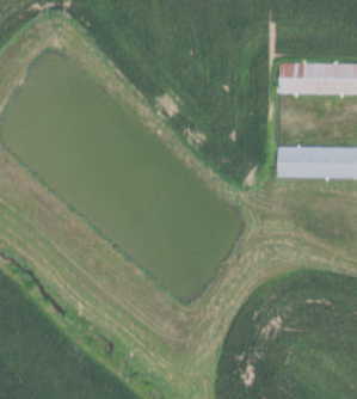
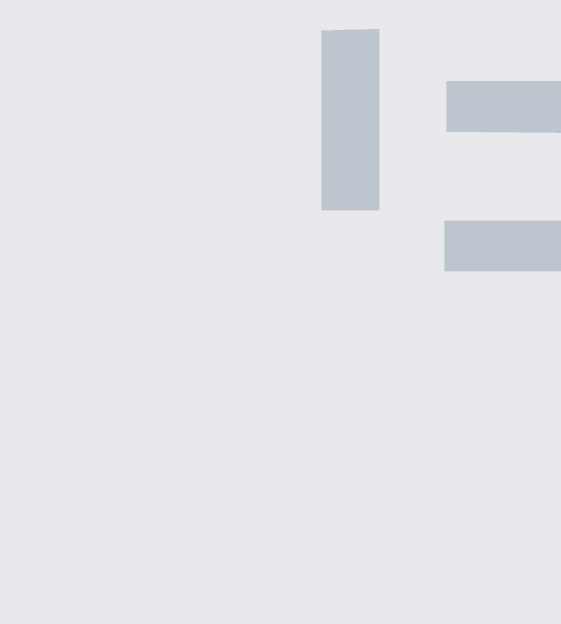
building: none -> [321,28,380,211]

